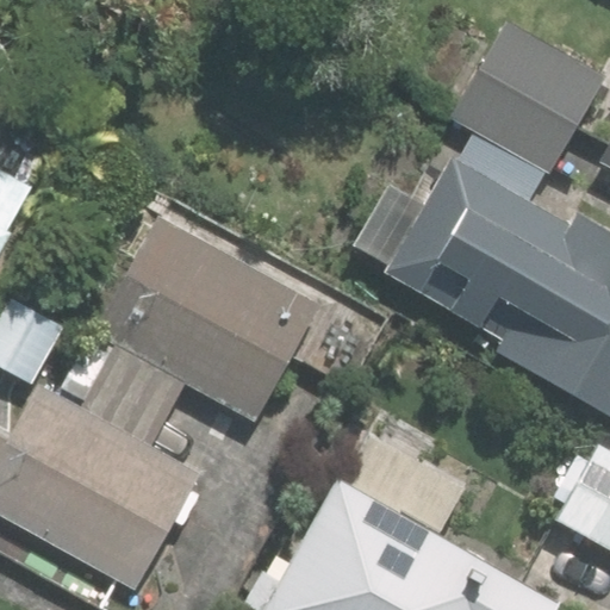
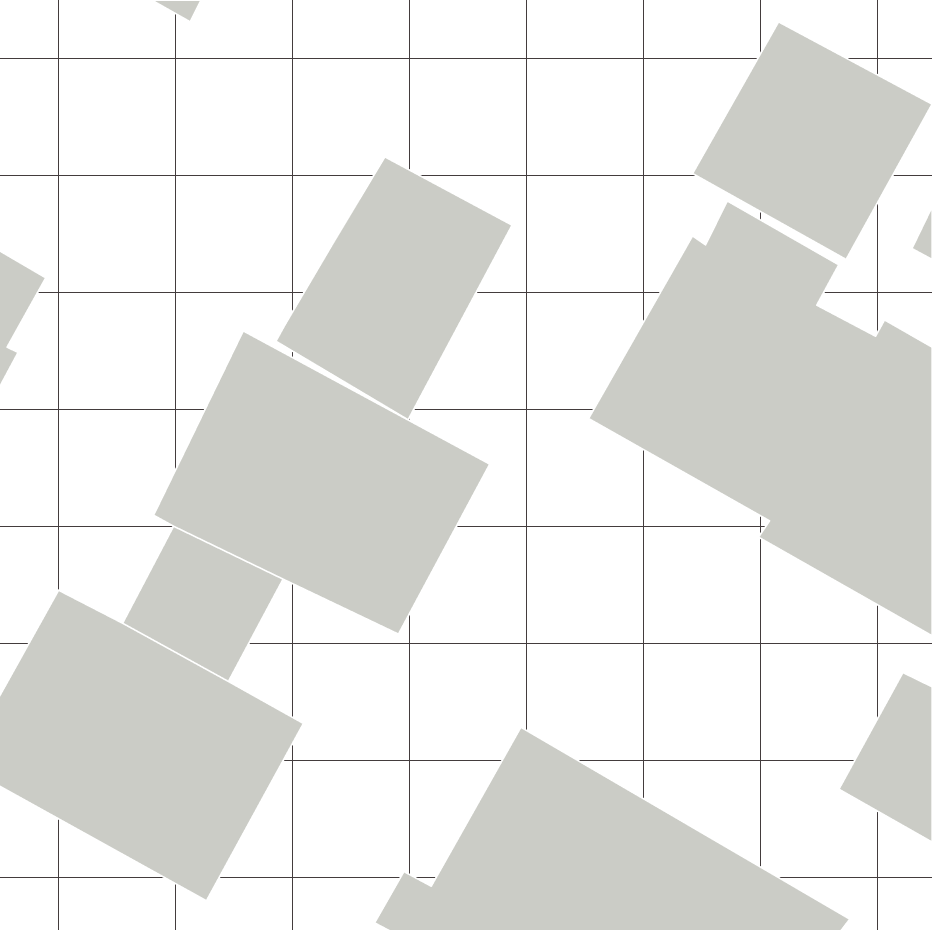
building: none -> [276,157,512,420]

